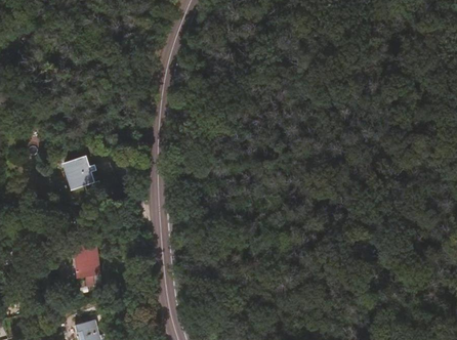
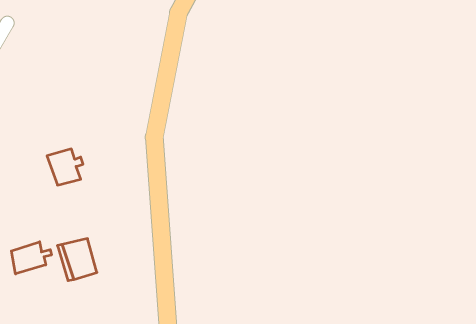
building: none -> [11,242,51,274]

